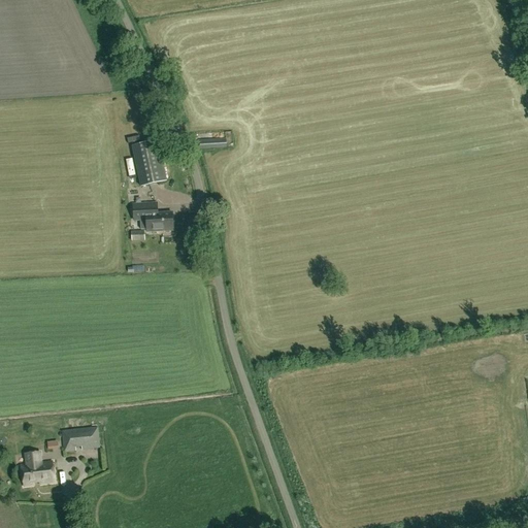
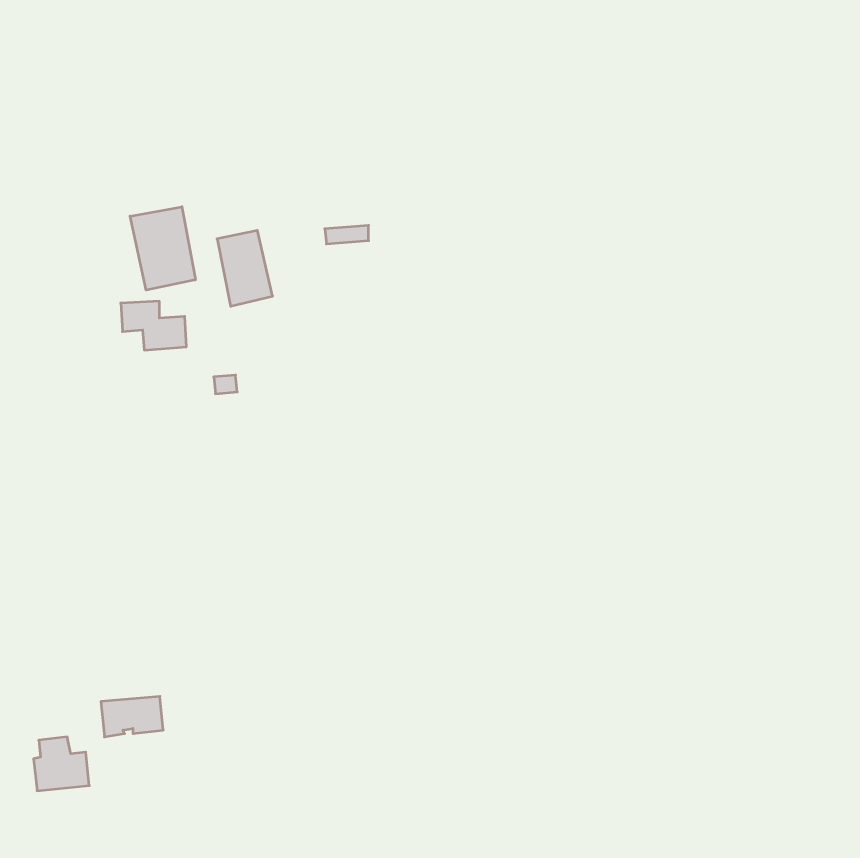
building: none -> [130,207,195,290]
building: [133,202,173,232] -> [121,301,186,350]

